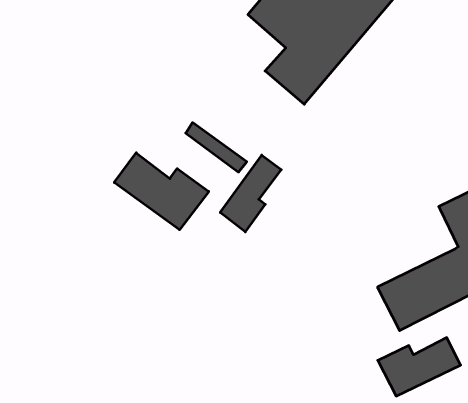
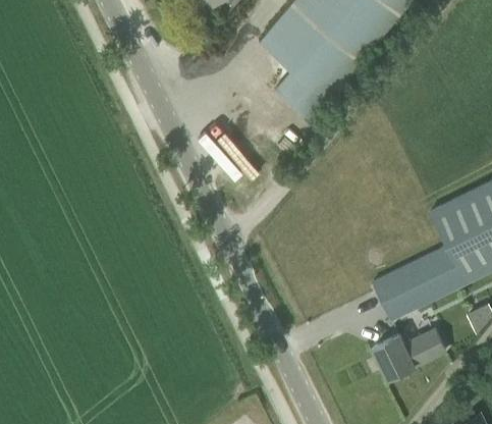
building: [114,153,209,230] -> none
building: [220,155,281,232] -> none

